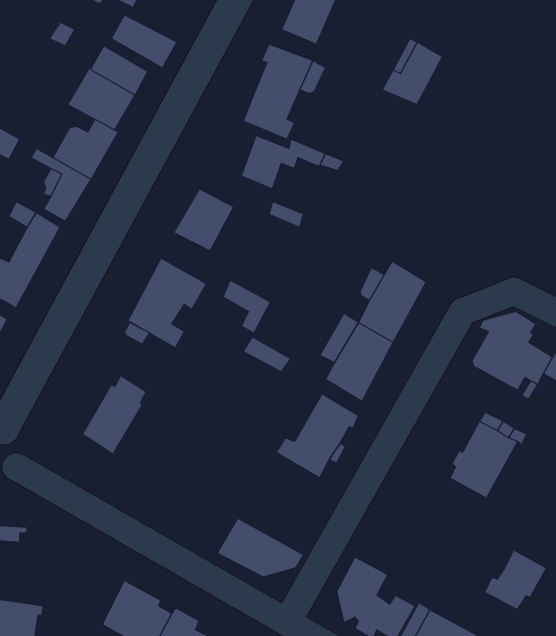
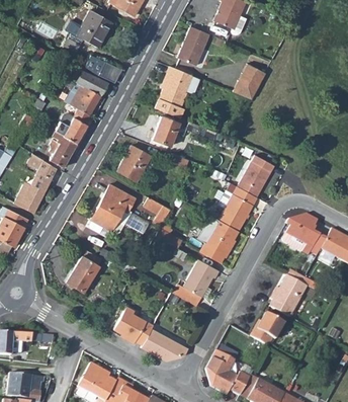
building: none -> [239,155,274,197]
building: none -> [114,306,154,345]
building: [484,550,547,610] -> [251,312,285,345]

